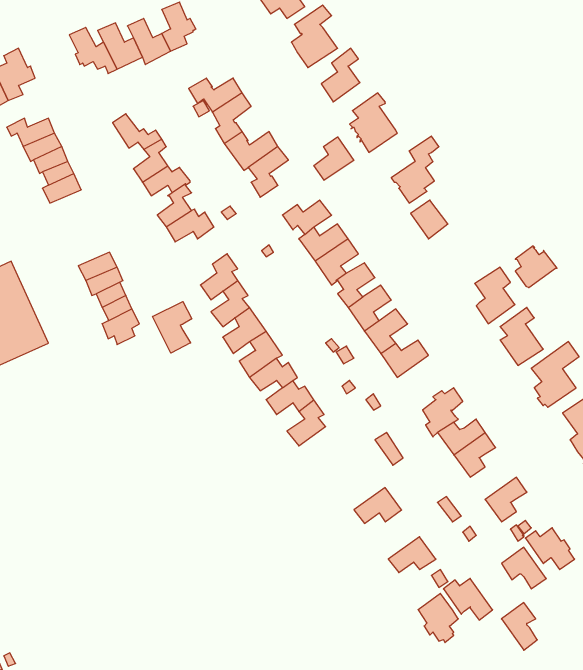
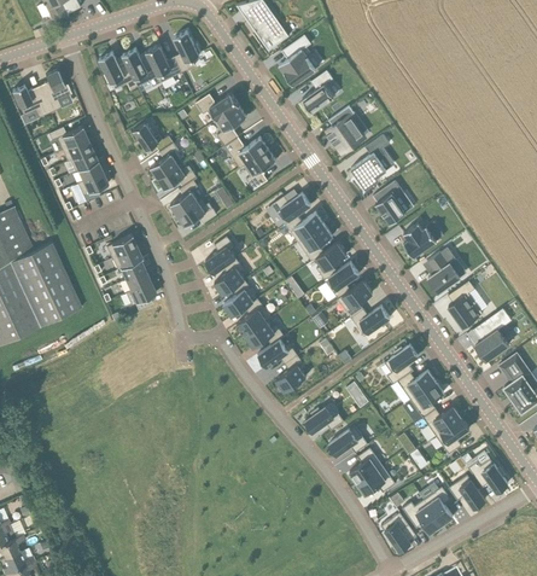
building: [314,137,354,180] -> none
building: [515,246,557,288] -> [403,222,437,256]
building: [153,302,192,353] -> none
building: none -> [305,406,344,432]
building: none -> [424,406,461,435]
building: none -> [349,447,383,483]
building: [501,603,537,650] -> [424,485,453,524]

